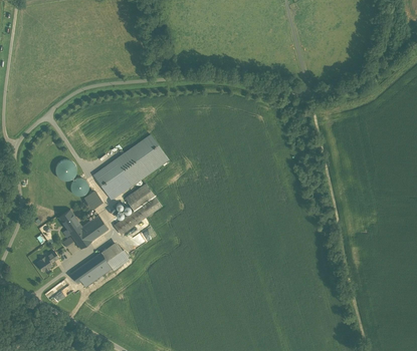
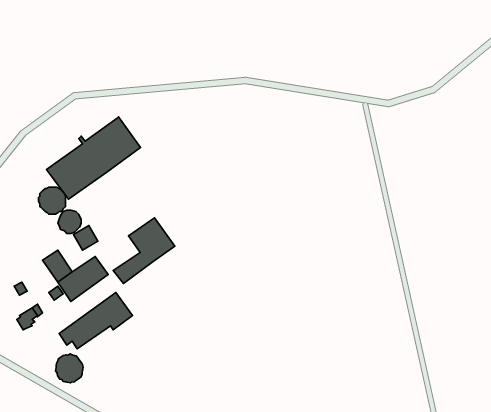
building: [94,134,168,199] -> [47,117,140,199]
building: none -> [56,354,83,383]

